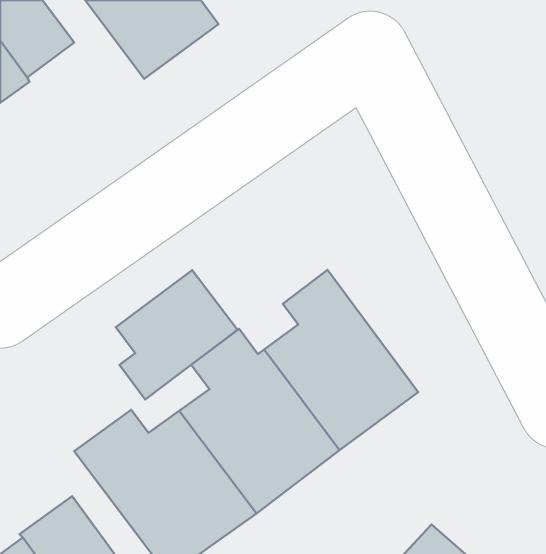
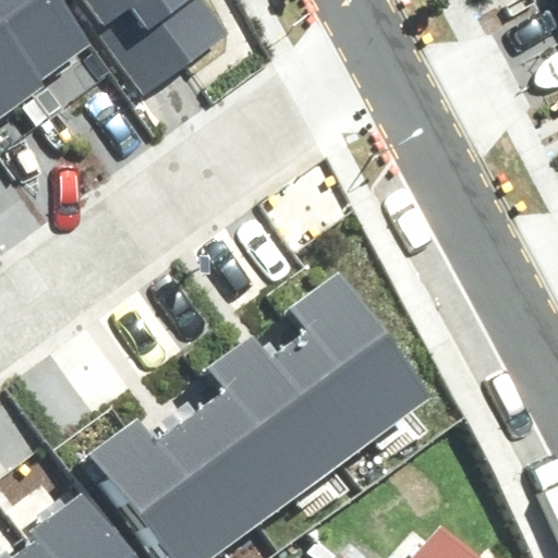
building: [116,270,238,400] -> none

